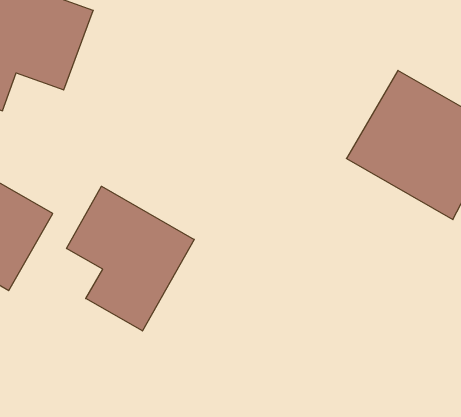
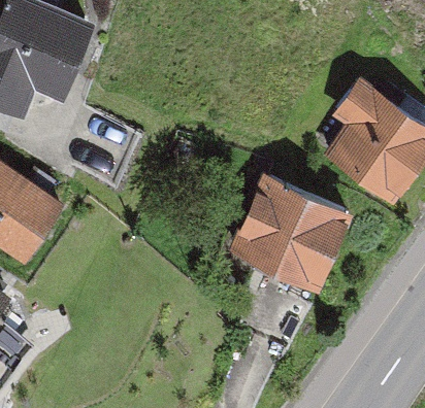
building: none -> [221,166,354,292]
building: [67,186,194,331] -> none

